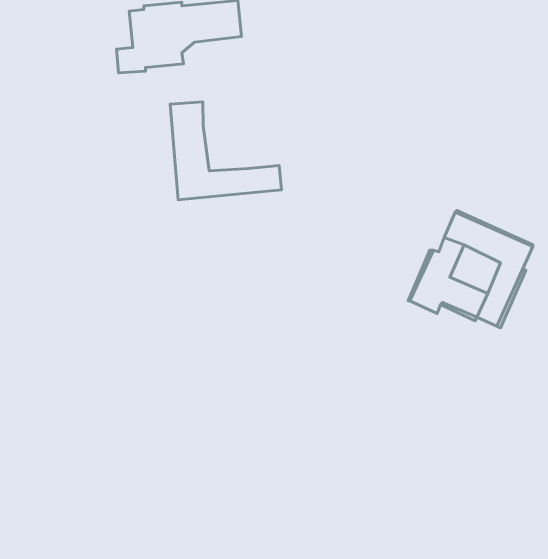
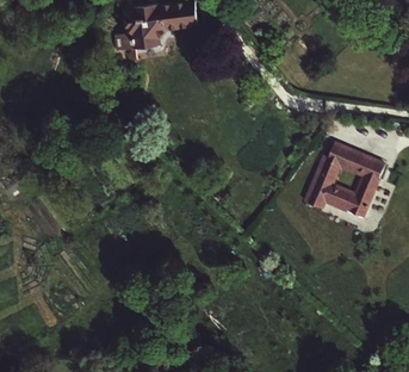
building: [170,102,281,200] -> none

